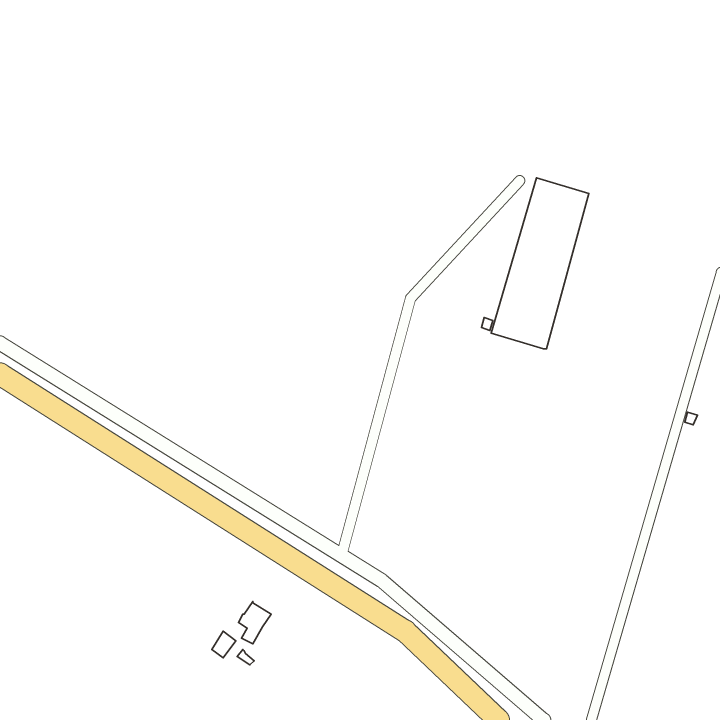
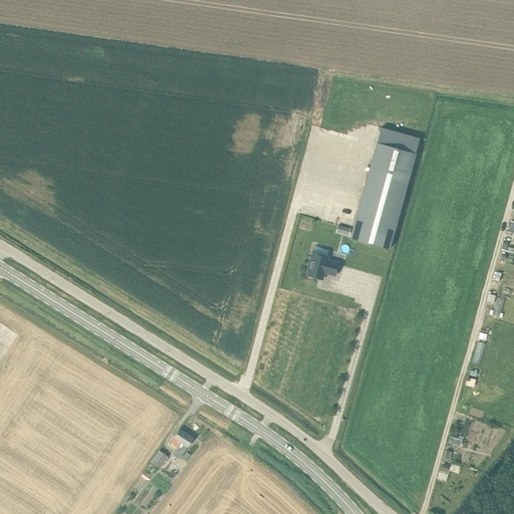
building: none -> [307,251,339,278]

